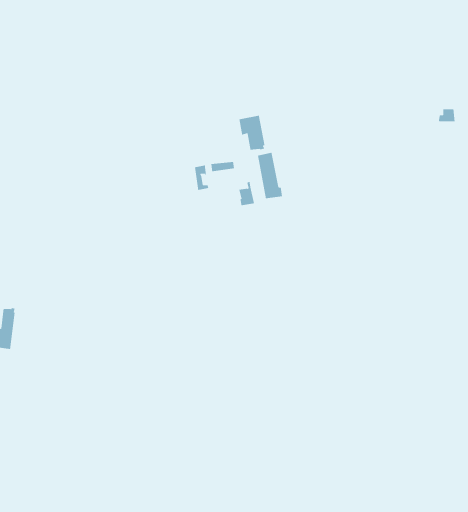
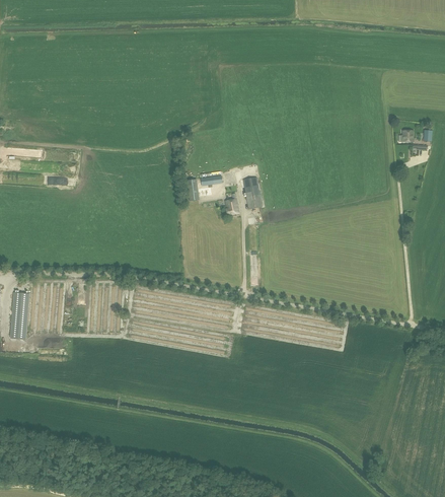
building: [239,115,265,151] -> none

